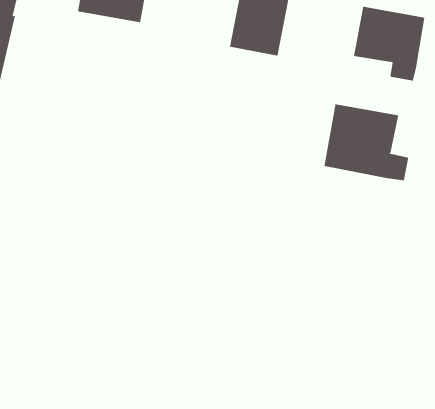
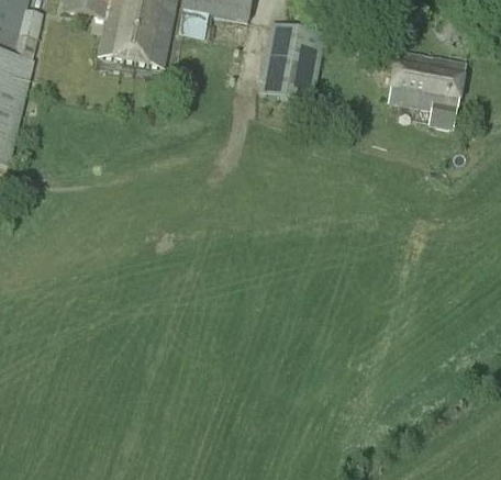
building: [324,103,409,181] -> none

